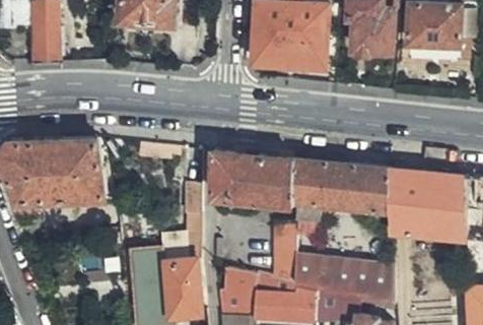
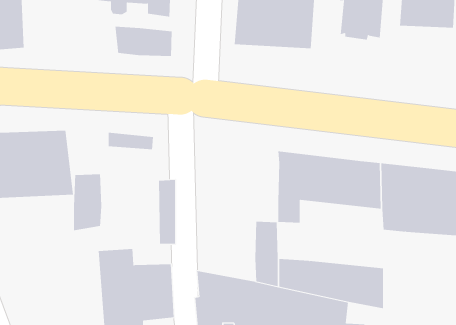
building: none -> [115,26,172,57]
building: [213,150,294,214] -> none
building: none -> [73,173,102,231]

